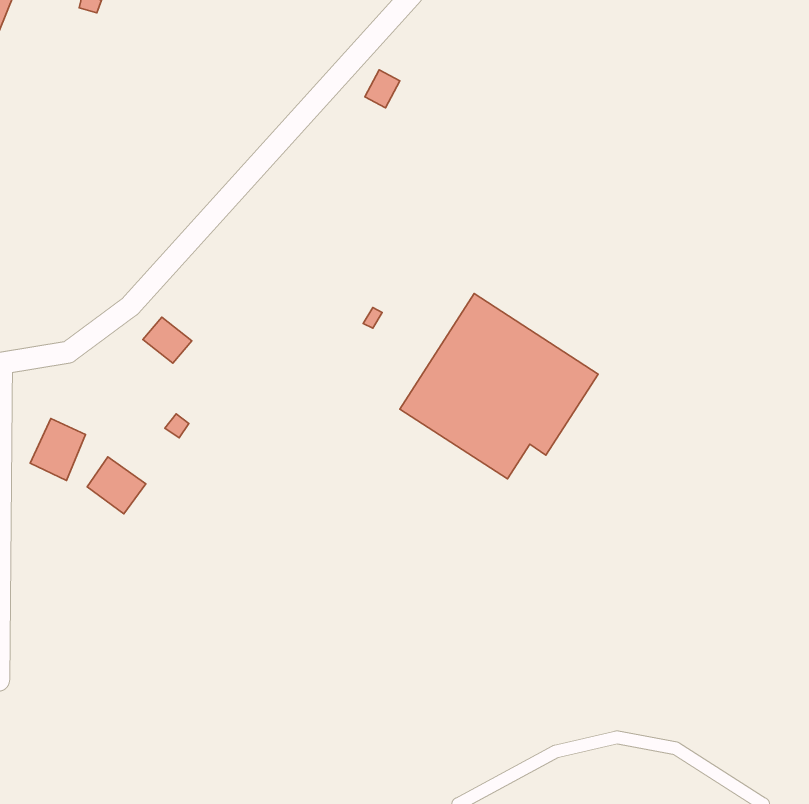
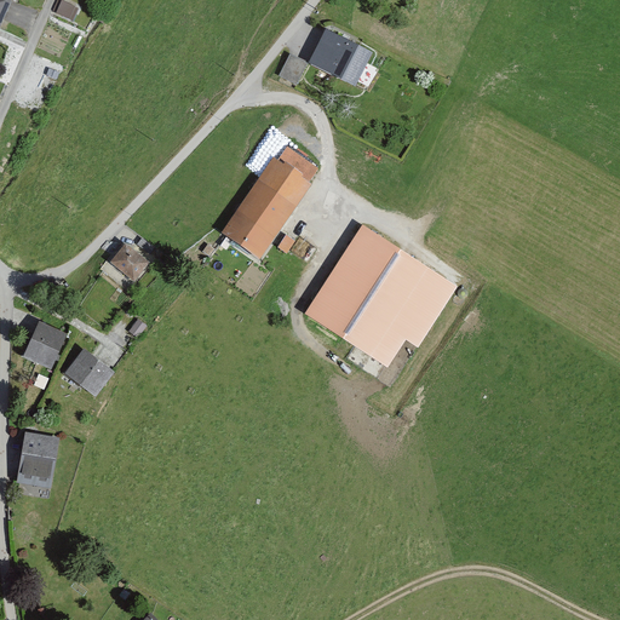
building: none -> [311,29,373,85]
building: none -> [222,145,317,258]
building: none -> [17,429,58,487]

